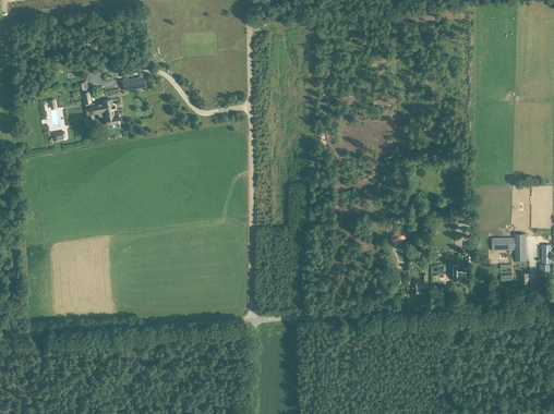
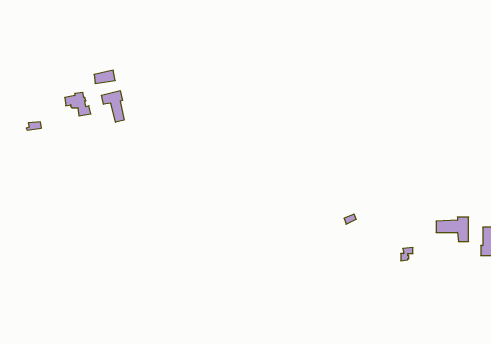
building: none -> [101,91,124,122]

